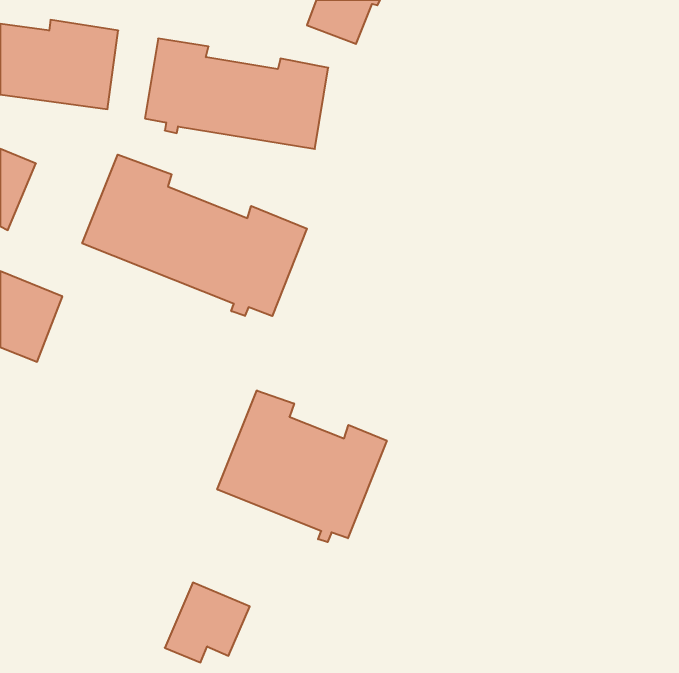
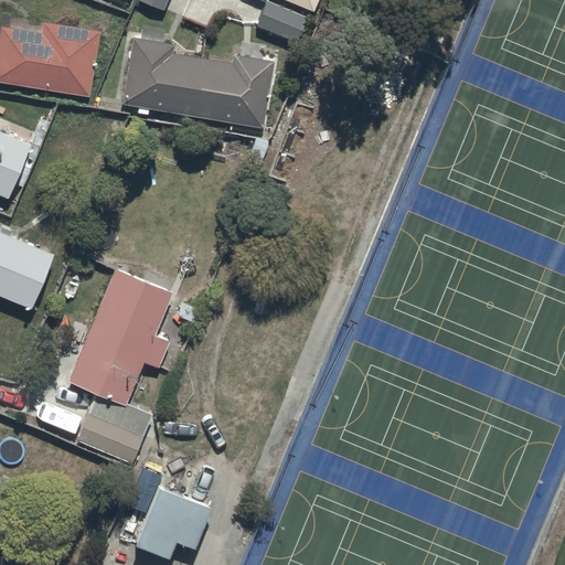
building: [82,155,307,316] -> none
building: none -> [67,267,172,463]
building: [217,390,387,542] -> none

